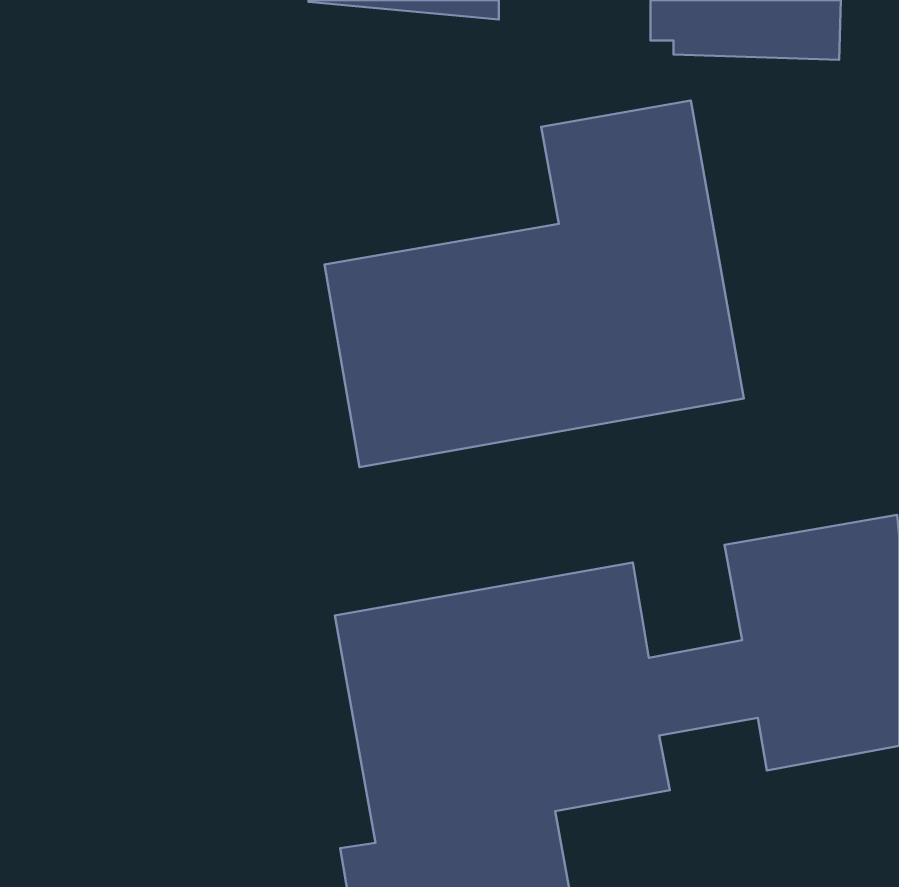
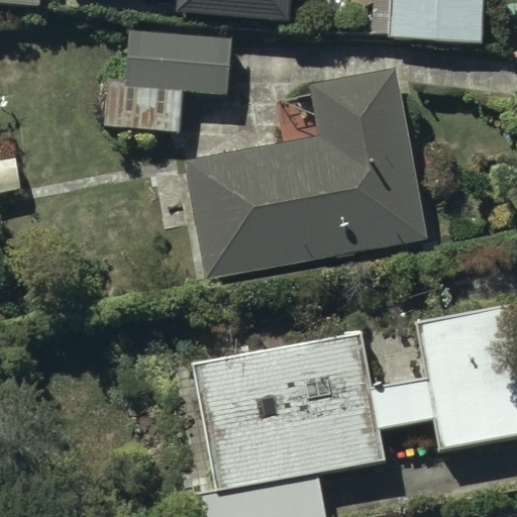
building: none -> [106,29,230,137]

